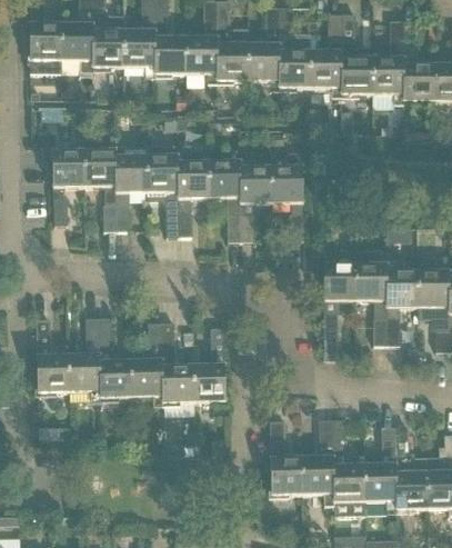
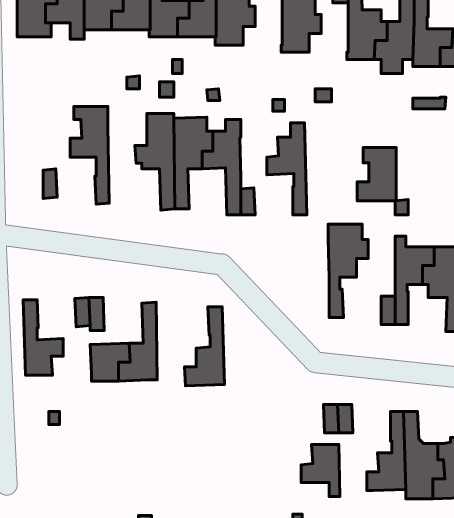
building: [242,44,279,81] -> none
building: [304,52,341,88] -> none
building: [114,146,151,230] -> none
building: [51,151,90,188] -> none
building: [239,168,275,203] -> none
building: [349,250,385,300] -> [357,148,396,201]
building: [160,323,198,403] -> none
building: [61,357,99,392] -> none
building: [269,420,308,495] -> none
building: [332,466,370,516] -> none

